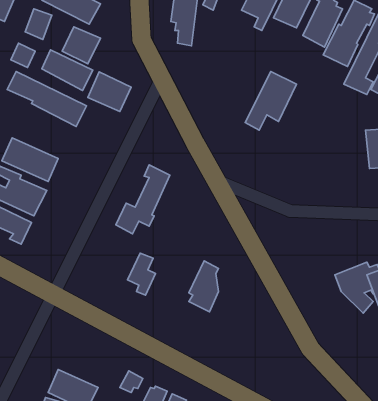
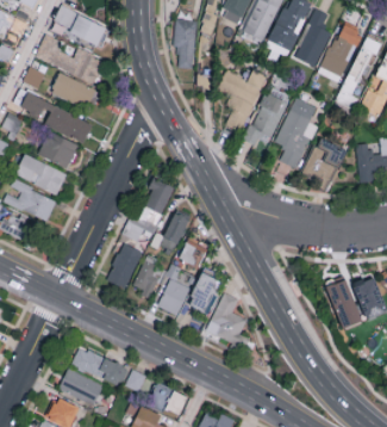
building: none -> [217,70,267,135]
building: [88,72,131,112] -> [39,131,80,168]
building: none -> [276,101,313,168]
building: none -> [299,136,347,192]
building: none -> [149,215,188,254]
building: none -> [177,241,210,271]
building: none -> [105,245,143,292]
building: none -> [156,265,192,317]
building: none -> [206,293,248,346]
building: none -> [73,349,127,386]

